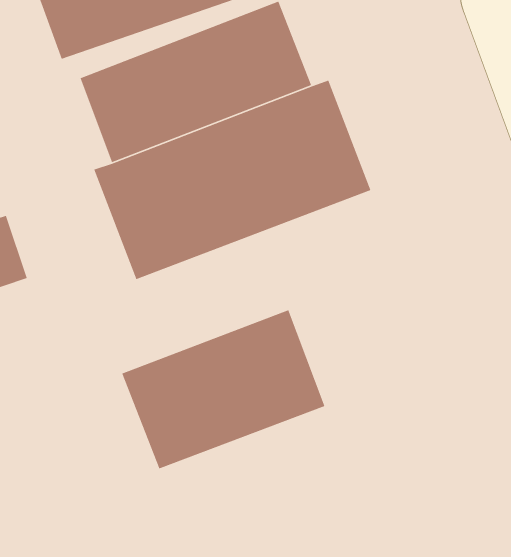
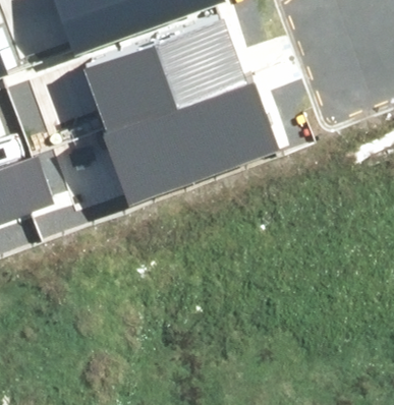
building: [121,309,326,469] -> none

